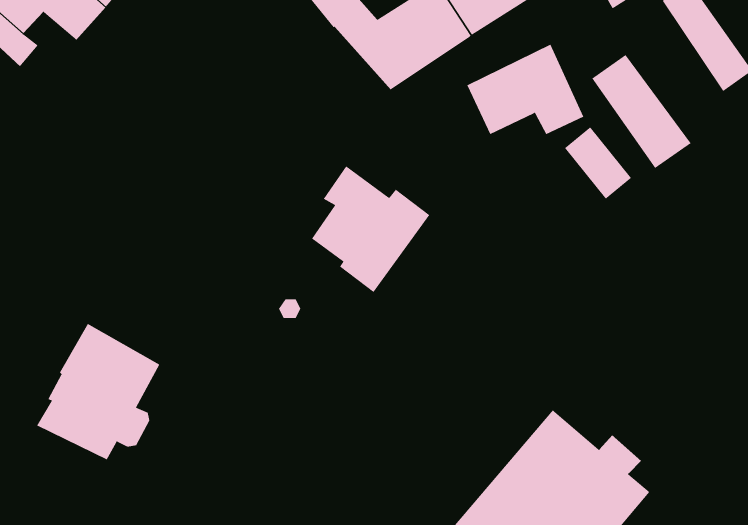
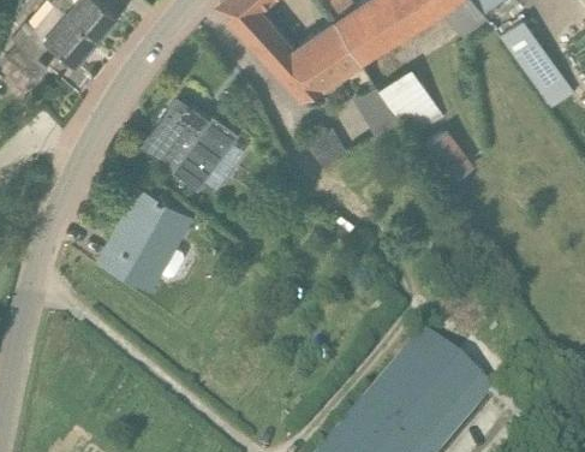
building: [591,54,692,169] -> none
building: [311,166,430,293] -> [150,99,237,191]
building: [36,323,160,460] -> [100,190,190,290]

